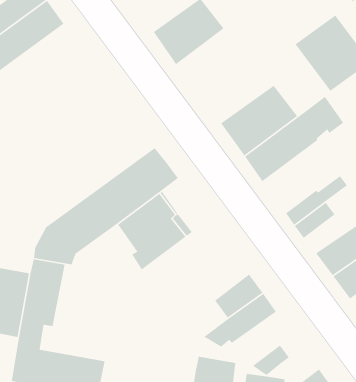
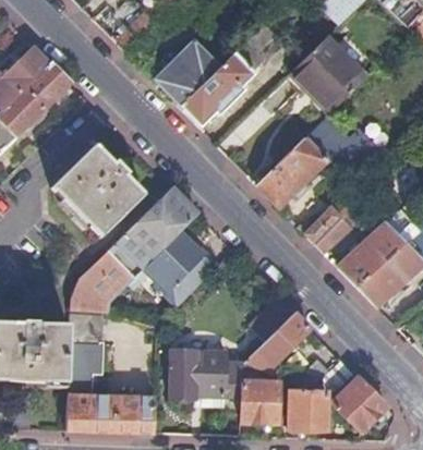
building: none -> [180,44,256,129]
building: none -> [51,145,143,236]
building: none -> [171,349,241,398]

